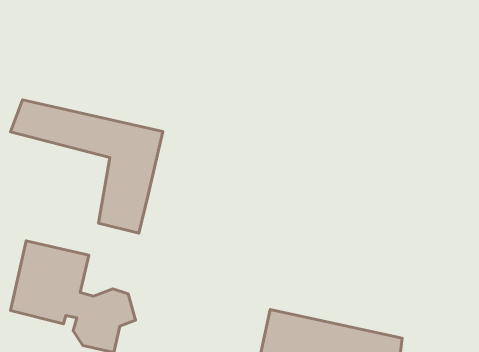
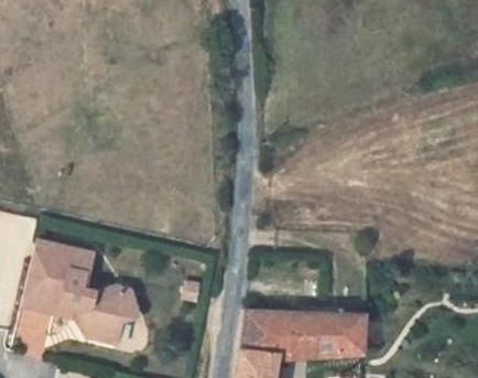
building: [11,100,163,233] -> none

